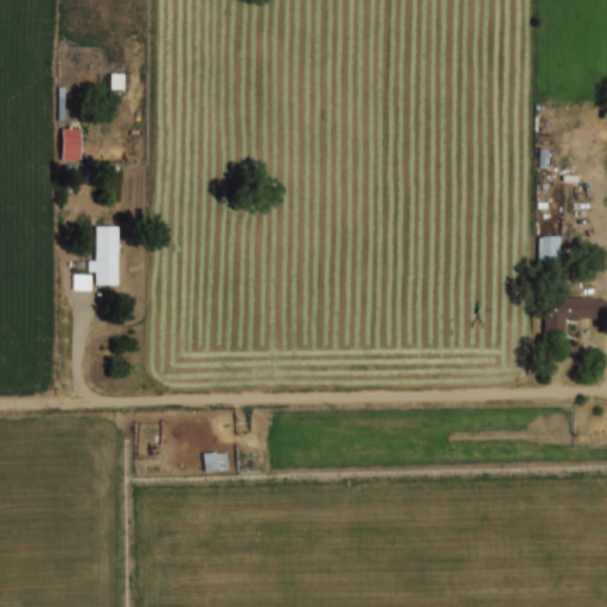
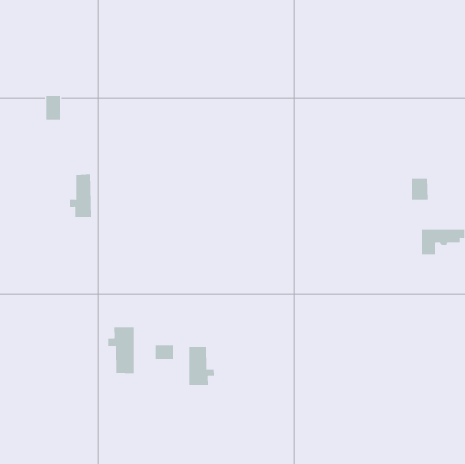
building: none -> [108,326,134,374]
building: none -> [189,346,214,386]

